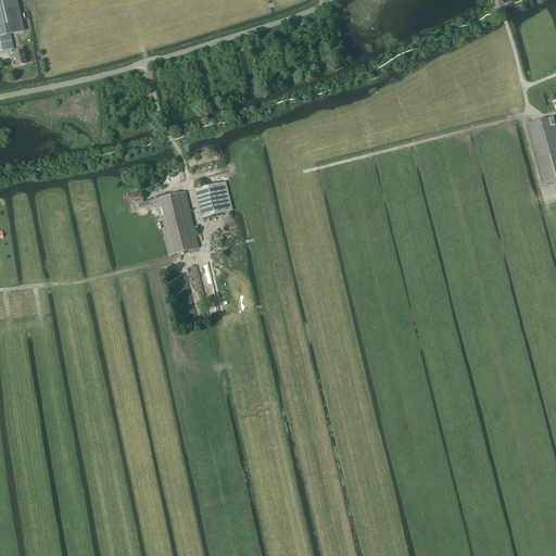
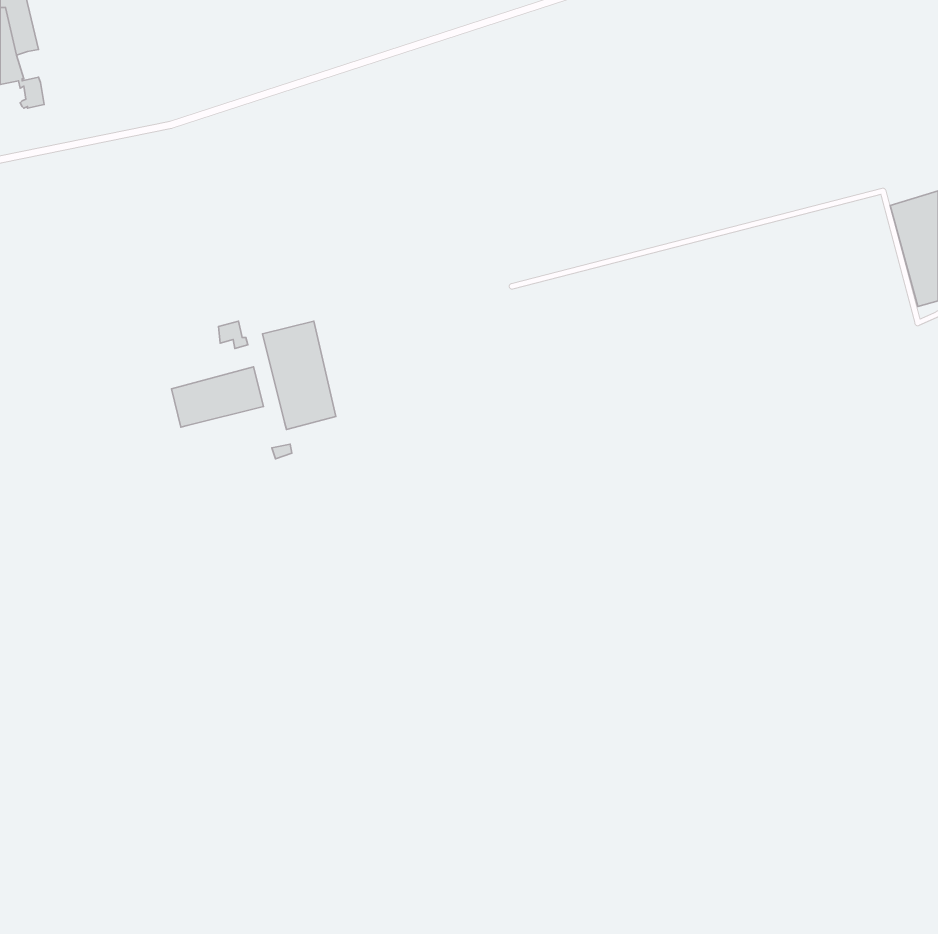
building: [198,180,232,215] -> none
building: none -> [172,367,263,427]

